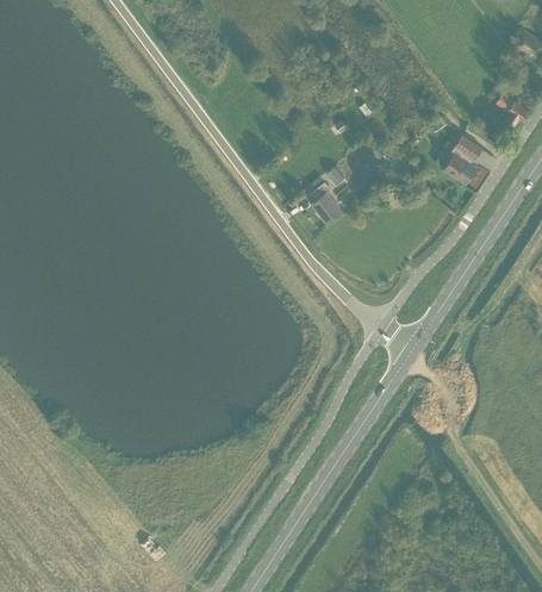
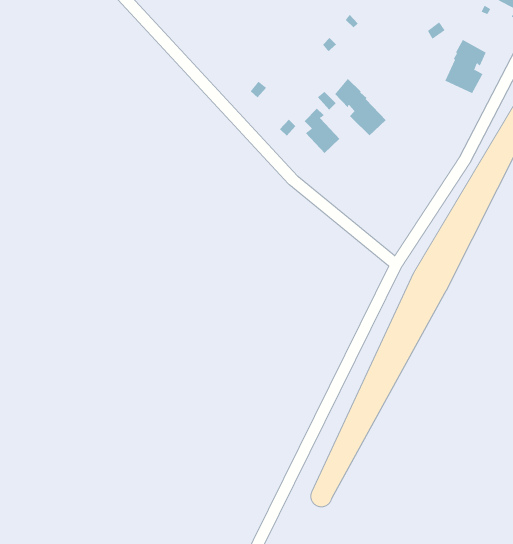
building: none -> [334,78,386,136]

